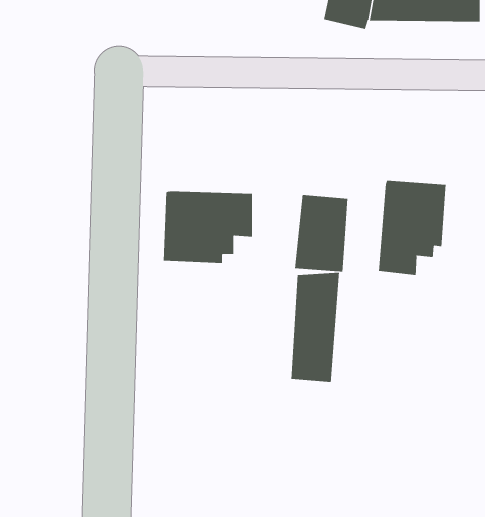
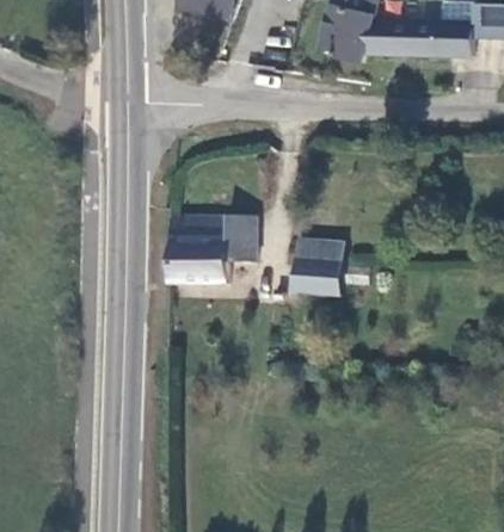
building: [379,180,446,276] -> none
building: [291,272,340,383] -> none

